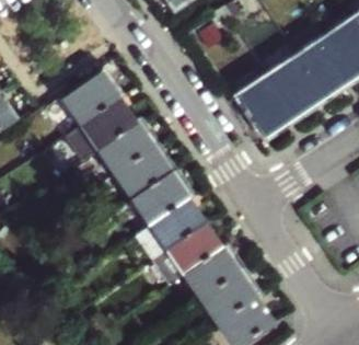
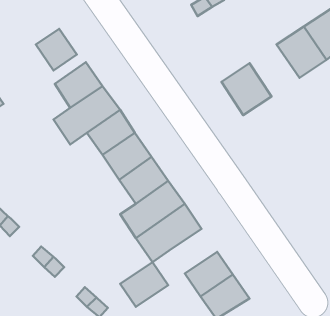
building: none -> [36,29,77,70]
building: [270,57,323,112] -> none
building: [186,251,236,298] -> [120,262,168,307]

